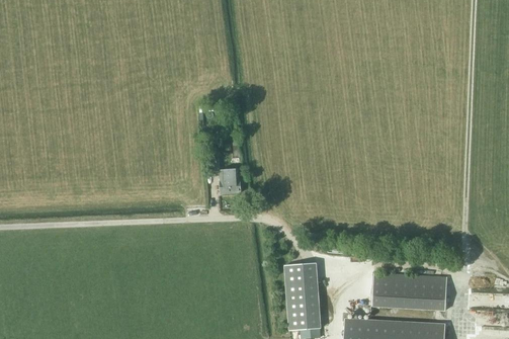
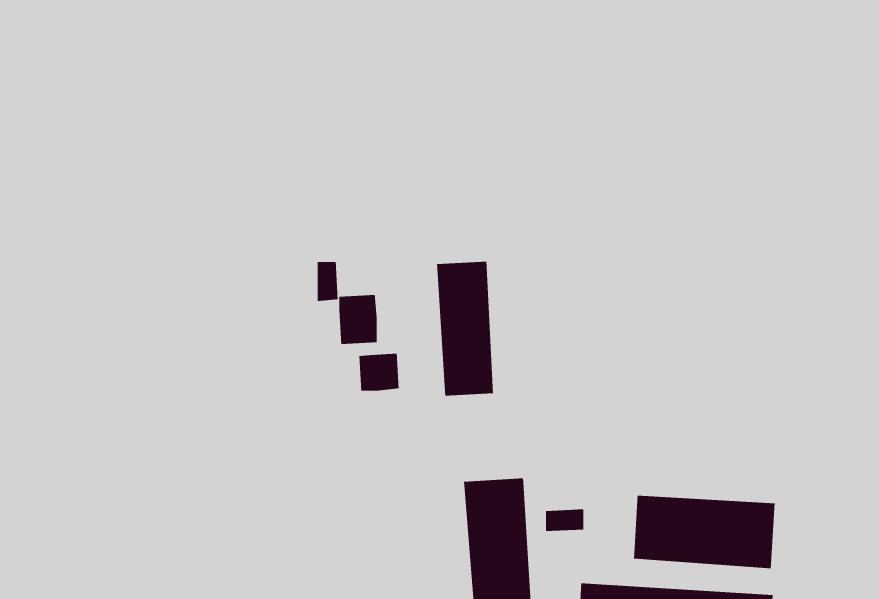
building: none -> [436,261,494,396]
building: none -> [359,353,400,392]

